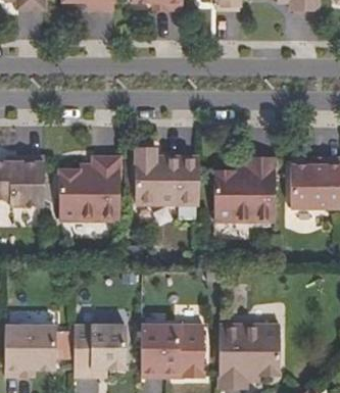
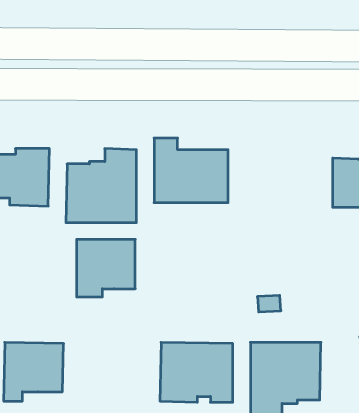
building: [214,156,275,220] -> none
building: [74,325,125,375] -> [77,239,135,297]

